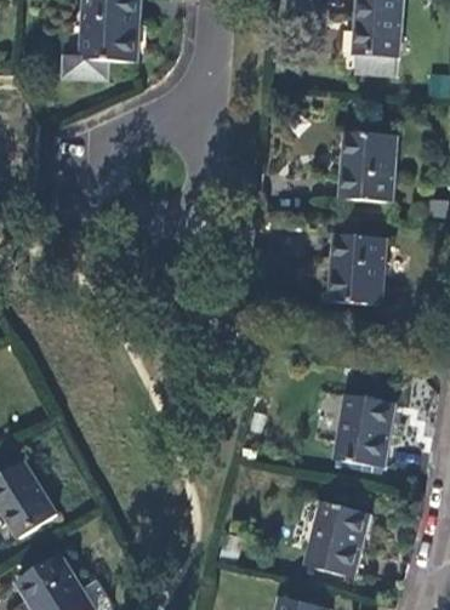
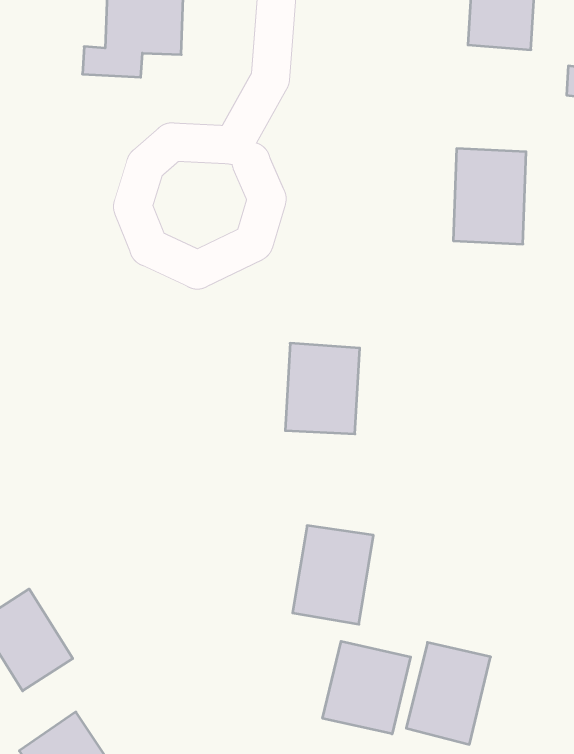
building: [330,234,386,302] -> [285,343,360,434]
building: [334,394,394,468] -> [293,526,373,624]
building: none -> [323,641,411,734]

